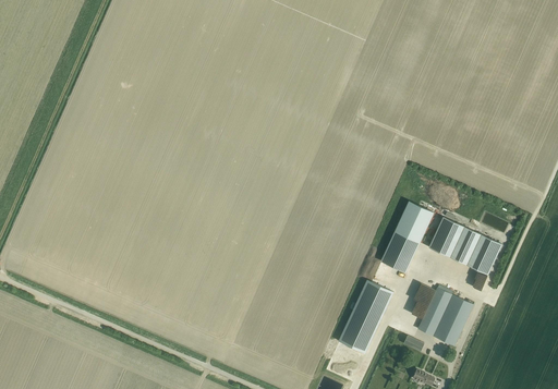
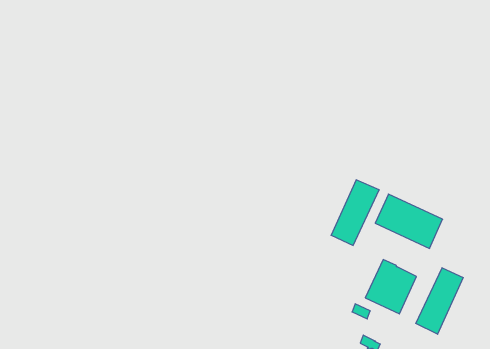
building: [339,280,392,351] -> none
building: none -> [416,268,463,334]

